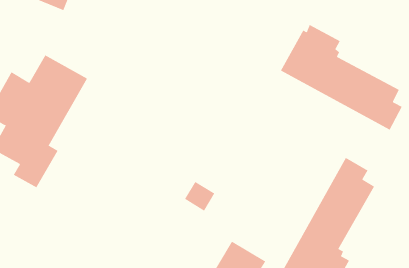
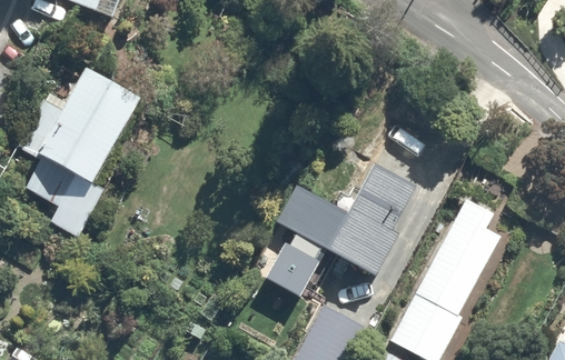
building: [280,24,403,131] -> none
building: none -> [272,167,428,277]

